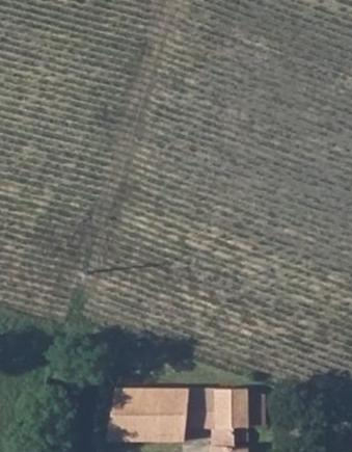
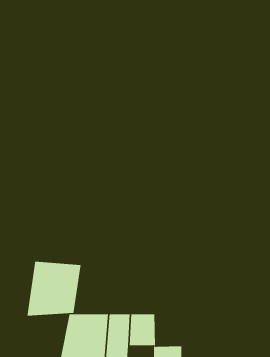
building: none -> [27,261,81,317]
building: [215,388,247,426] -> none

